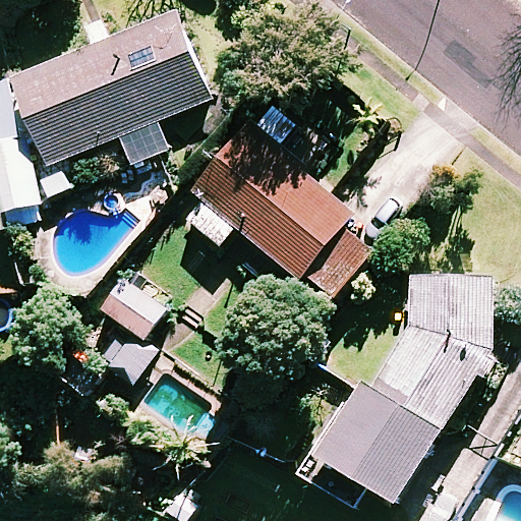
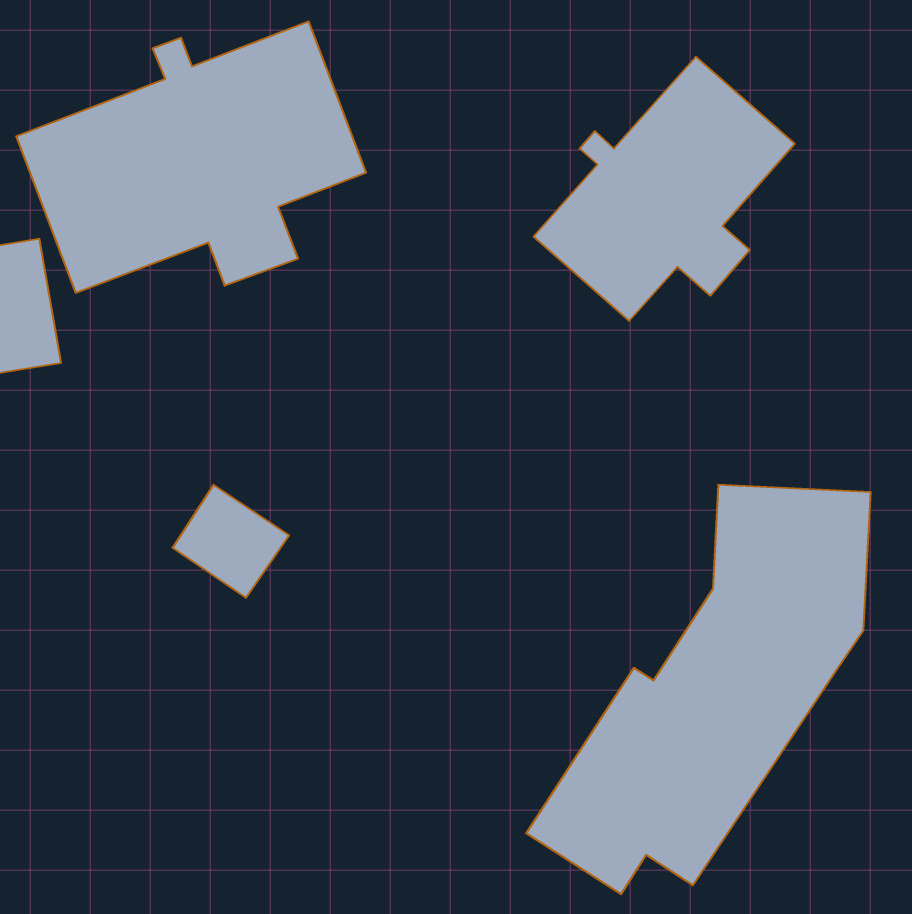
building: none -> [534,57,795,321]
building: [192,123,372,292] -> none

